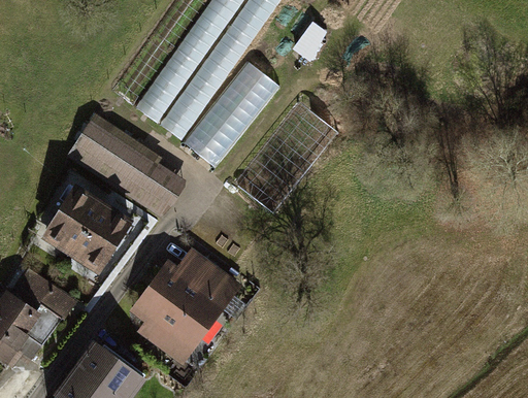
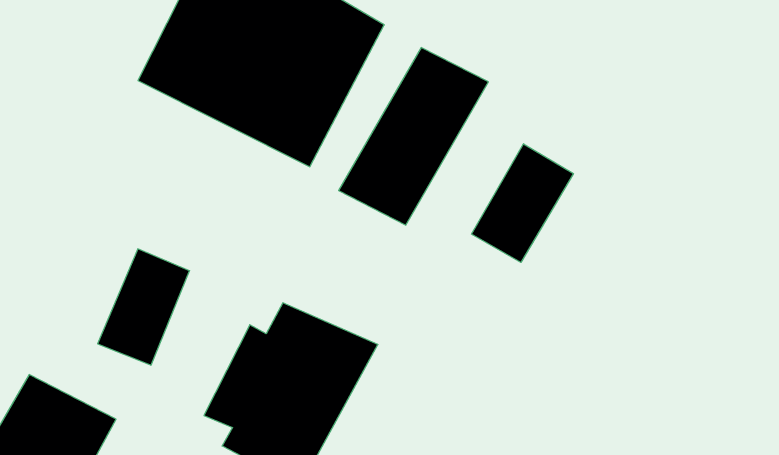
building: [68,118,185,218] -> none
building: none -> [472,144,573,262]
building: [40,183,105,256] -> none

